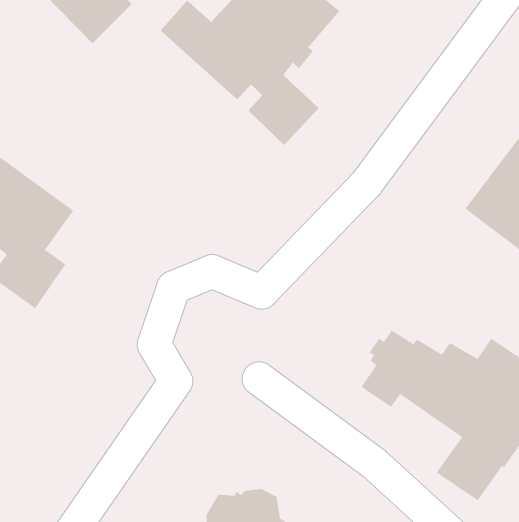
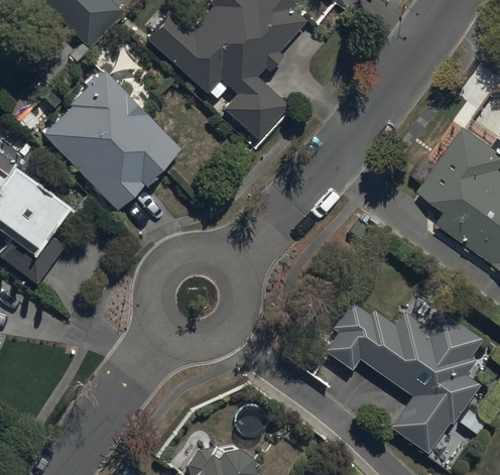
building: none -> [44,70,180,210]

